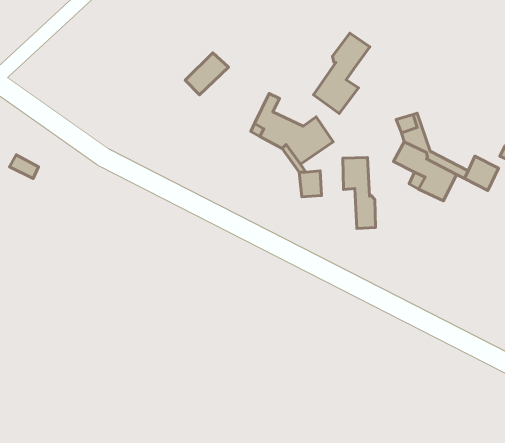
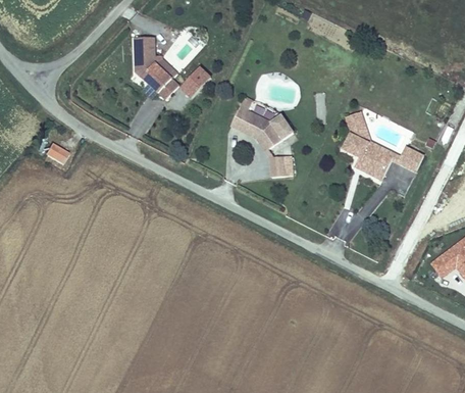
building: none -> [134,36,179,98]
building: [313,33,370,114] -> none
building: [343,158,375,229] -> none

